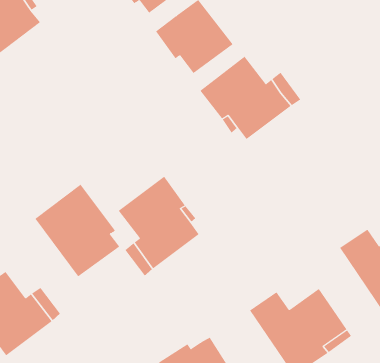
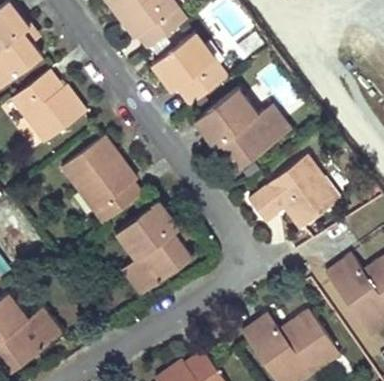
building: none -> [14,69,89,141]
building: none -> [247,155,339,228]
building: [34,184,120,277] -> [63,135,144,223]

